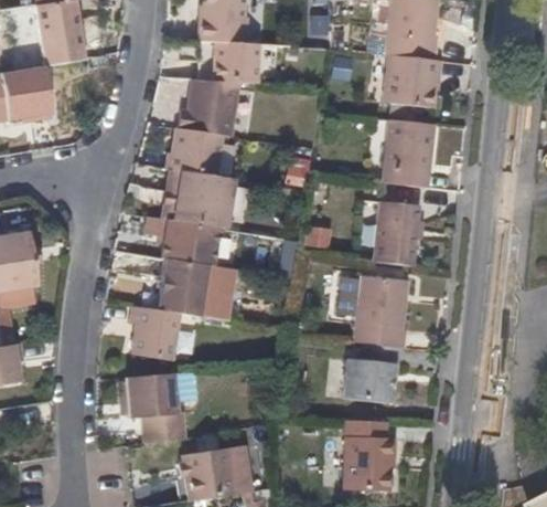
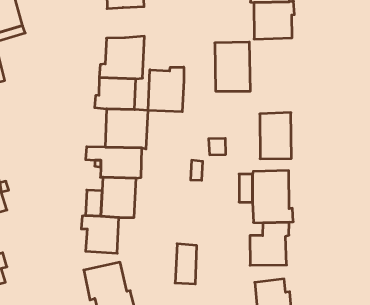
building: [215,42,258,84] -> none
building: [382,120,433,189] -> [215,42,250,91]
building: none -> [148,67,184,112]
building: [199,266,233,321] -> [175,244,197,284]

